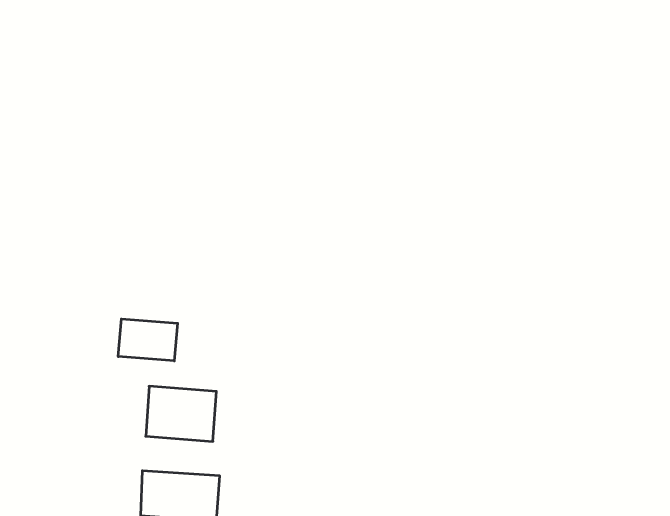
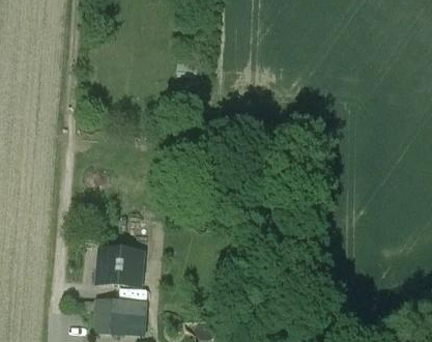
building: [118,319,178,361] -> none

